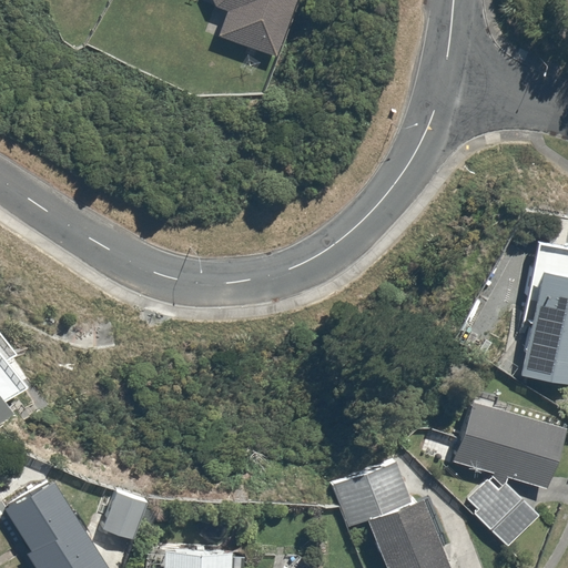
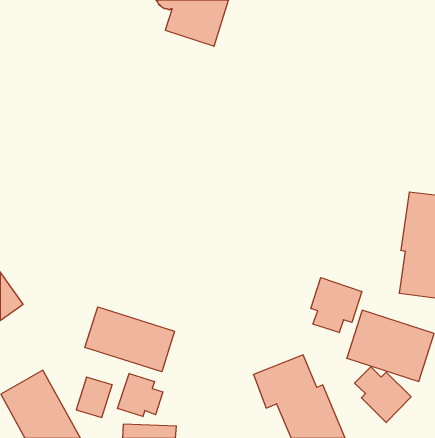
building: none -> [311,278,362,333]
building: none -> [85,307,174,372]
building: none -> [117,373,163,417]

